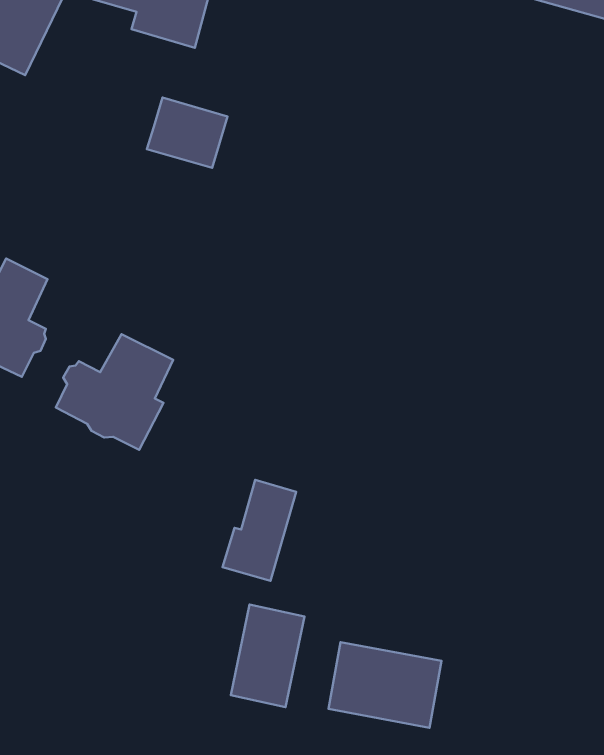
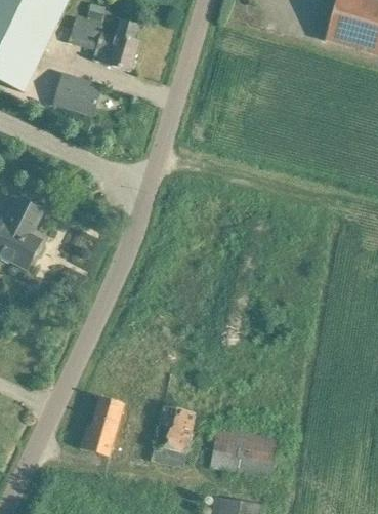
building: [147,98,227,168] -> [53,73,101,115]
building: [56,334,173,450] -> none
building: [222,480,296,581] -> [80,395,124,456]

